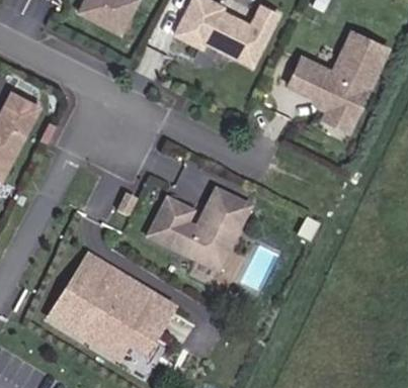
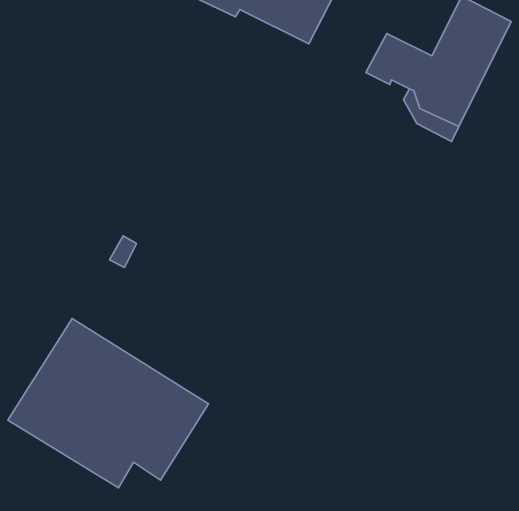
building: [147,190,248,271] -> none

